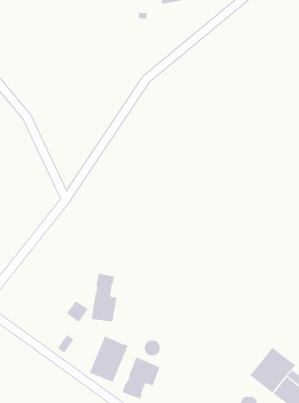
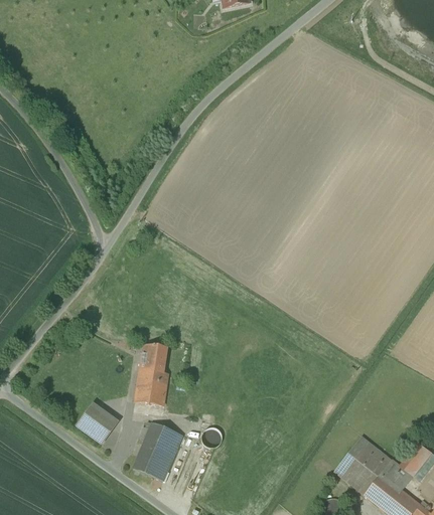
building: [66,300,88,323] -> [78,408,106,437]
building: [122,357,160,400] -> none

